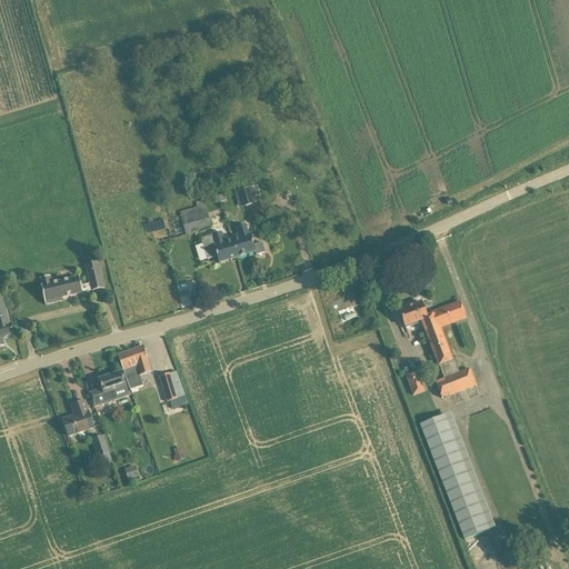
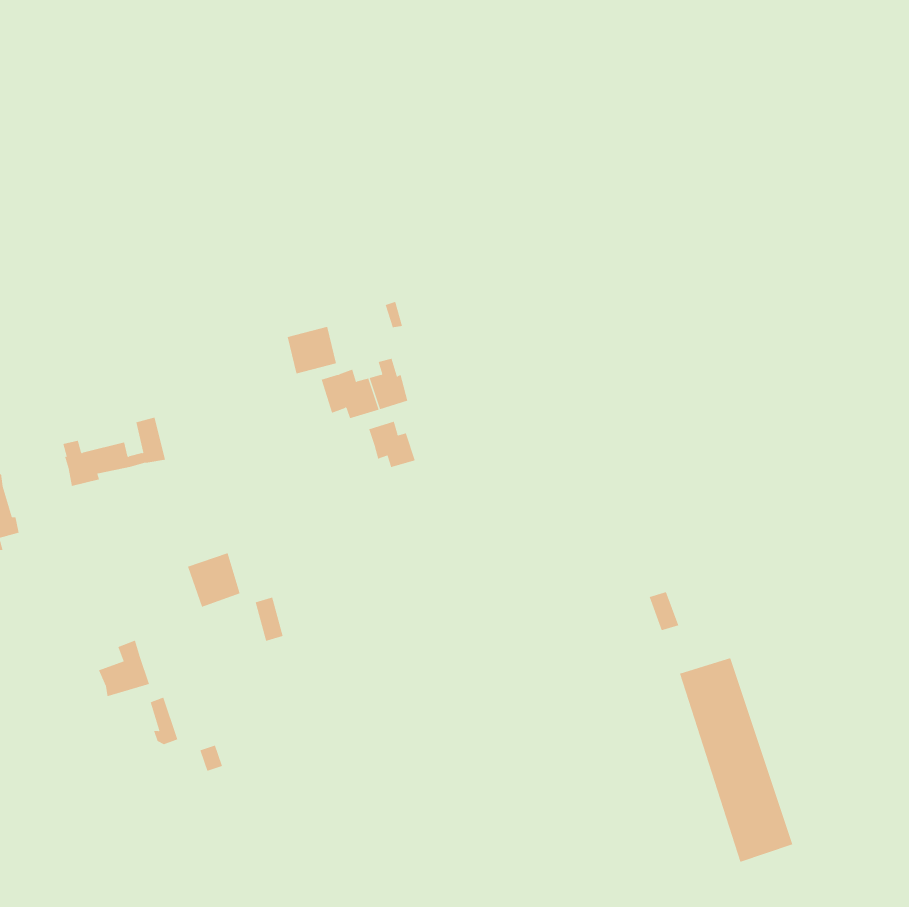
building: none -> [369,421,416,468]
building: [398,300,475,397] -> none
building: [88,370,129,406] -> none

